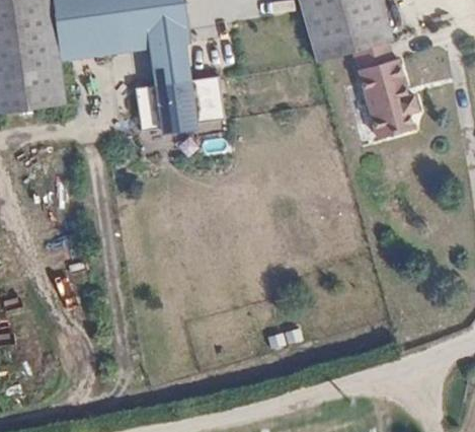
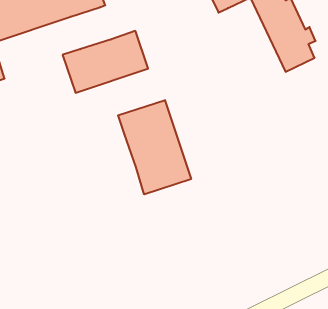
building: [152,38,192,80] -> none
building: none -> [118,100,191,194]

